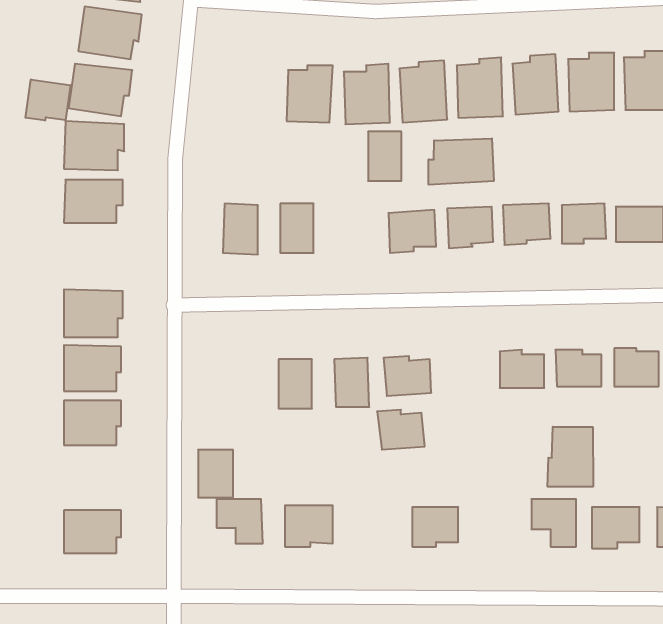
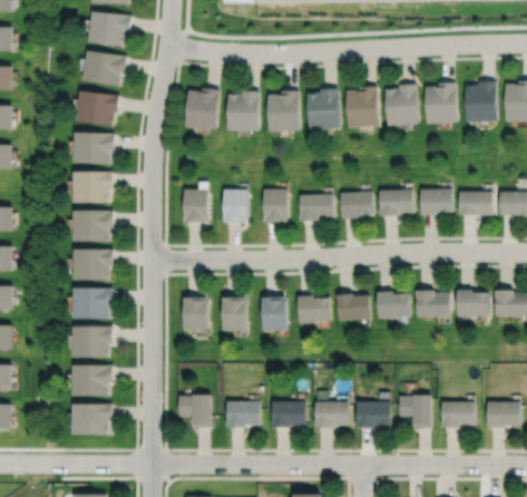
building: none -> [185,89,221,131]
building: [25,79,70,121] -> none
building: [368,132,401,181] -> [264,188,287,223]
building: [429,138,494,185] -> none
building: none -> [72,209,114,243]
building: [377,410,425,450] -> [336,293,370,321]
building: [548,427,593,487] -> none
building: [198,450,233,497] -> [184,298,208,331]
building: none -> [74,366,113,397]
building: none -> [273,402,305,430]
building: none -> [358,402,390,427]

